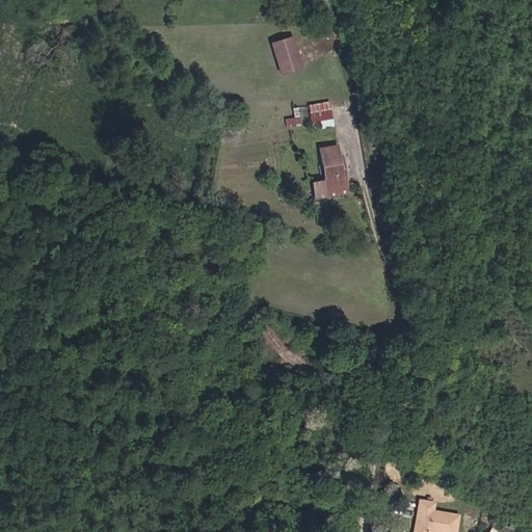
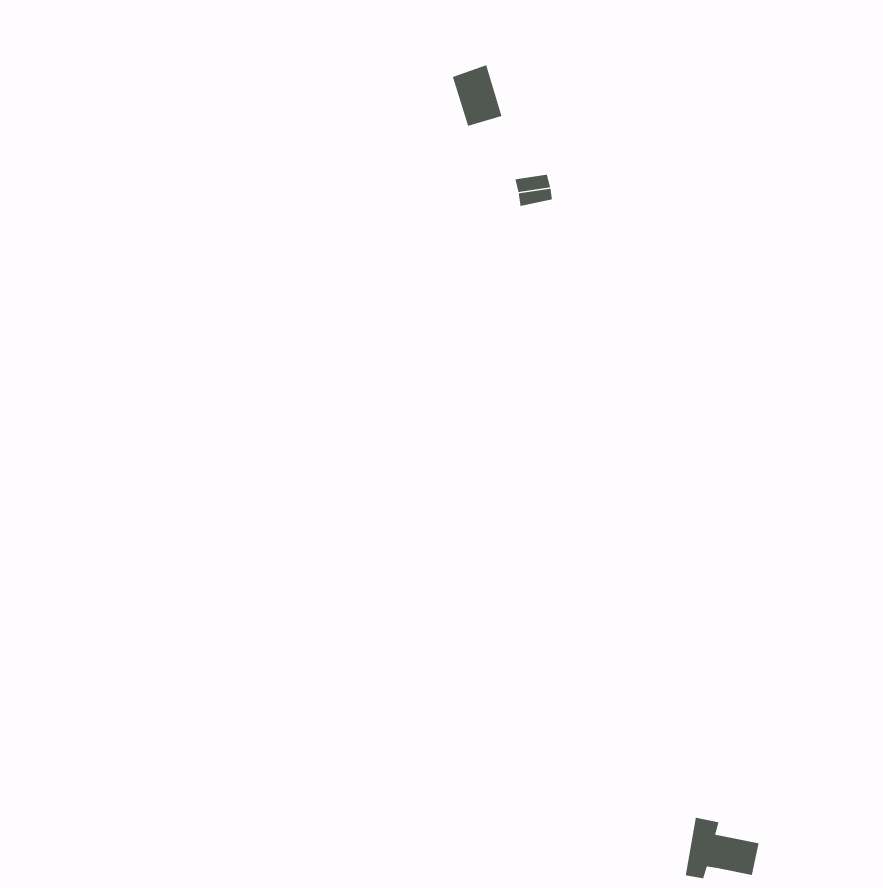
building: [314,147,347,200] -> none

